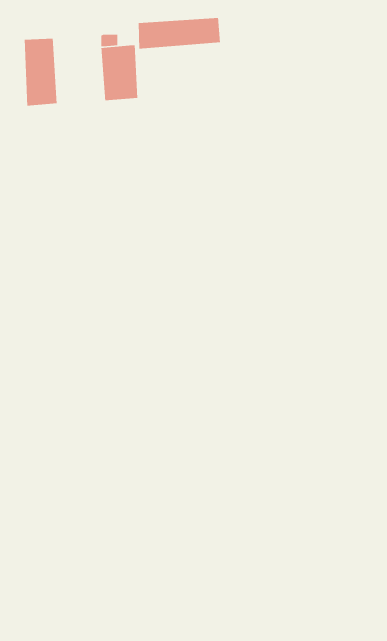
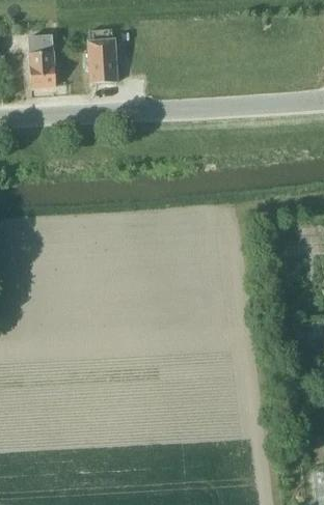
building: [138,17,221,49] -> none

